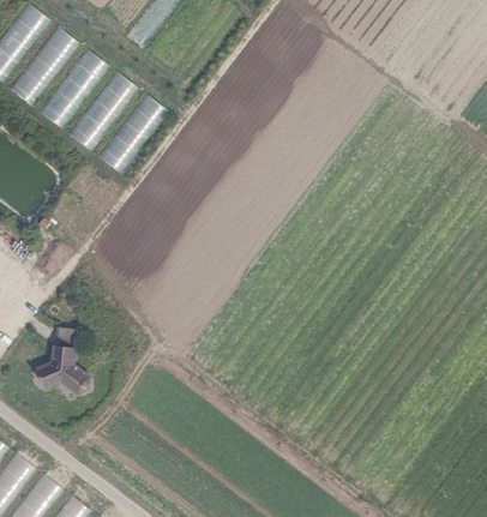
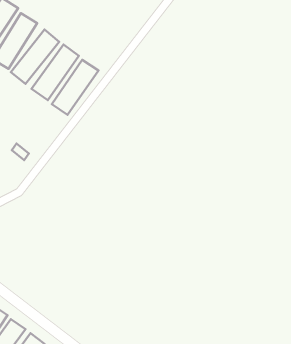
building: [36,327,89,393] -> none

